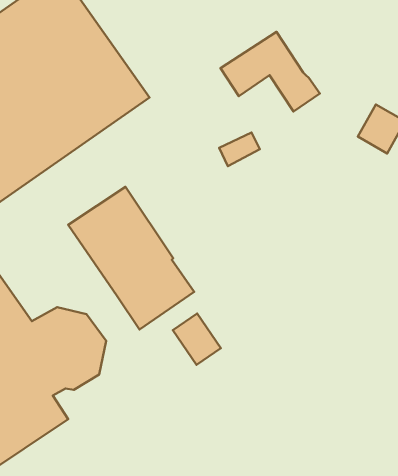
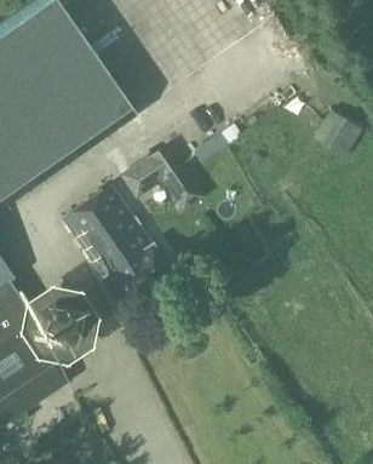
building: [221,32,320,112] -> [121,144,207,213]
building: [173,313,221,365] -> none

